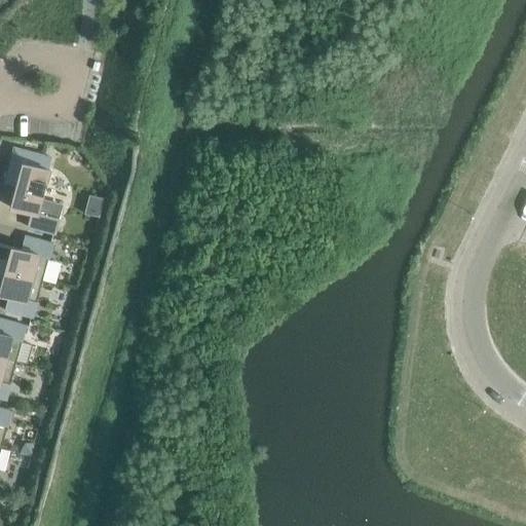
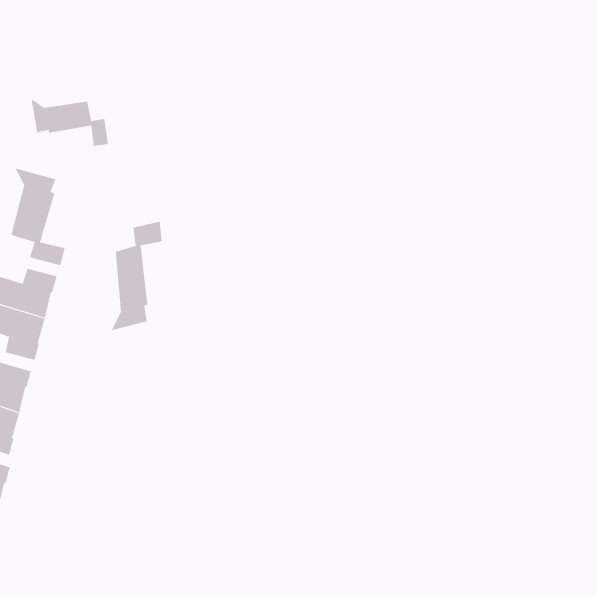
building: none -> [31,98,109,147]
building: none -> [111,221,162,331]

